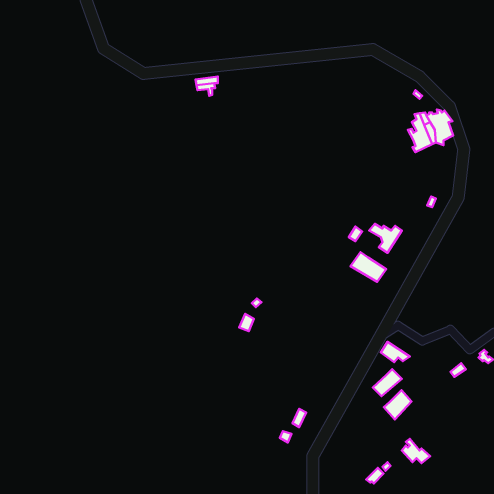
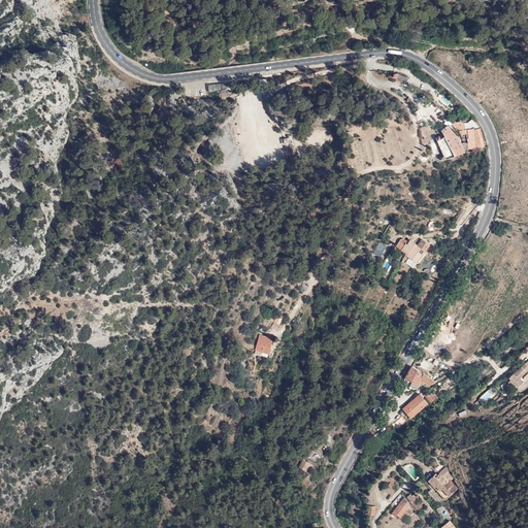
building: [351,252,386,282] -> none
building: [384,390,412,420] -> none

